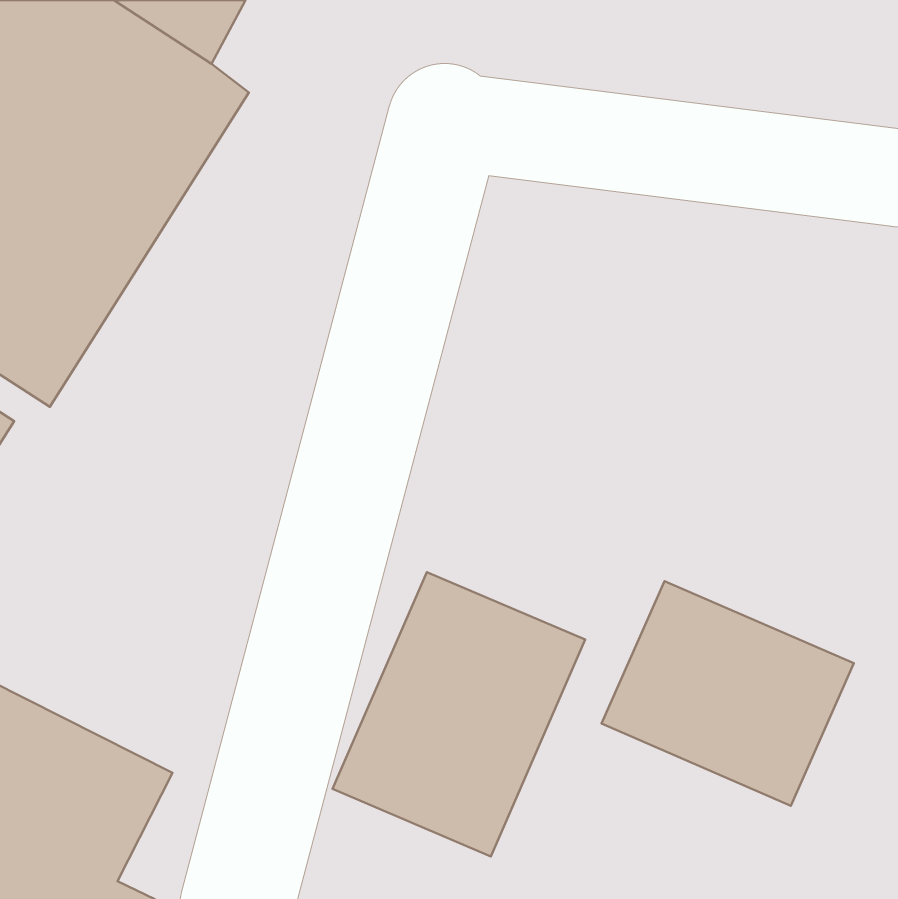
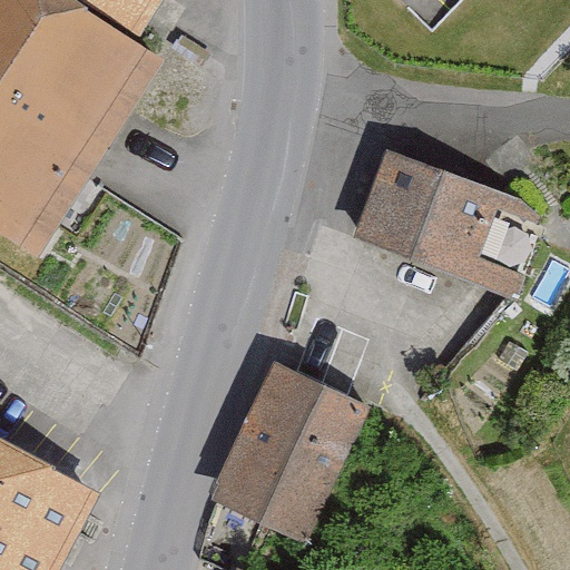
building: none -> [353,146,546,304]
building: [602,581,854,806] -> none

